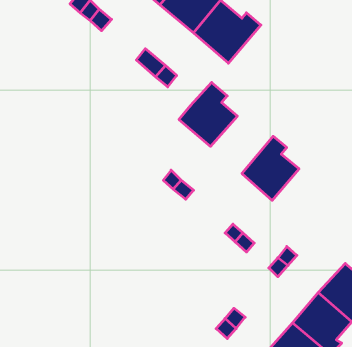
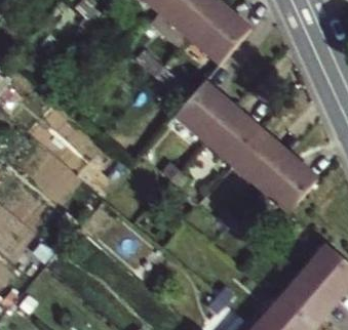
building: none -> [204,111,262,163]
building: none -> [261,159,318,212]

